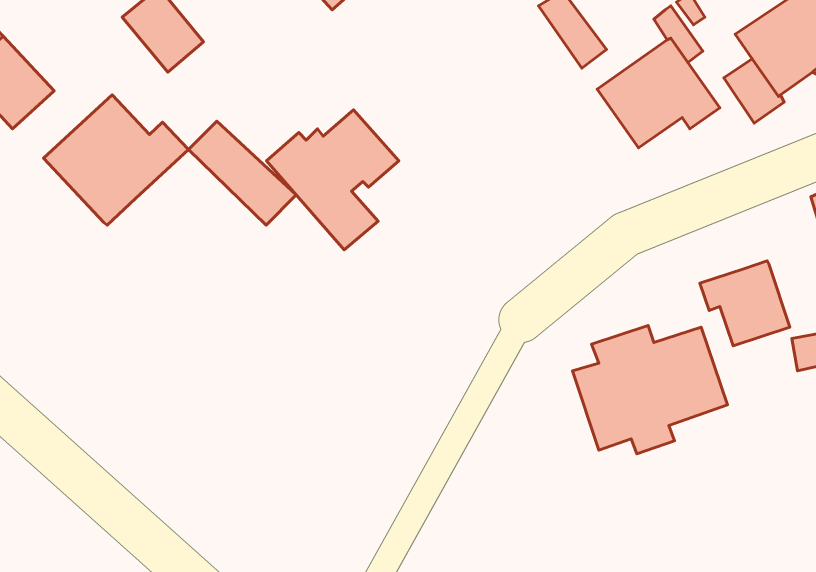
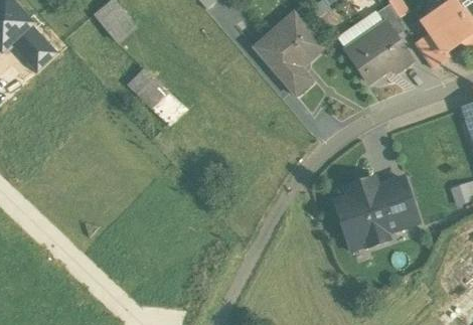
building: [44,95,188,225] -> none
building: [267,110,399,250] -> [253,18,323,93]
building: [700,261,790,346] -> none

